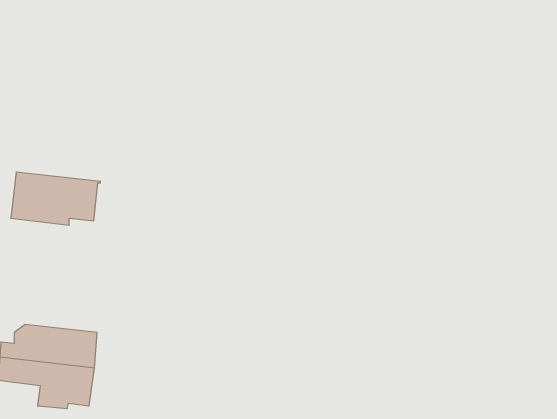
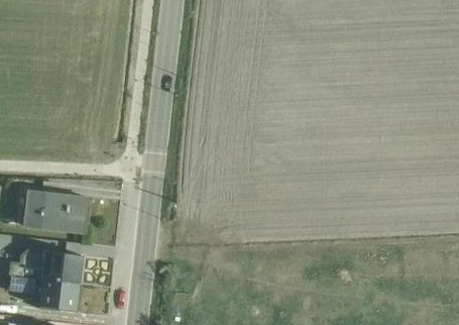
building: [11,172,100,225] -> [24,192,91,231]

